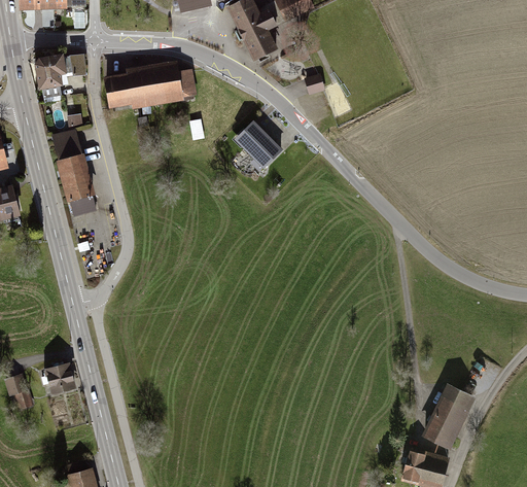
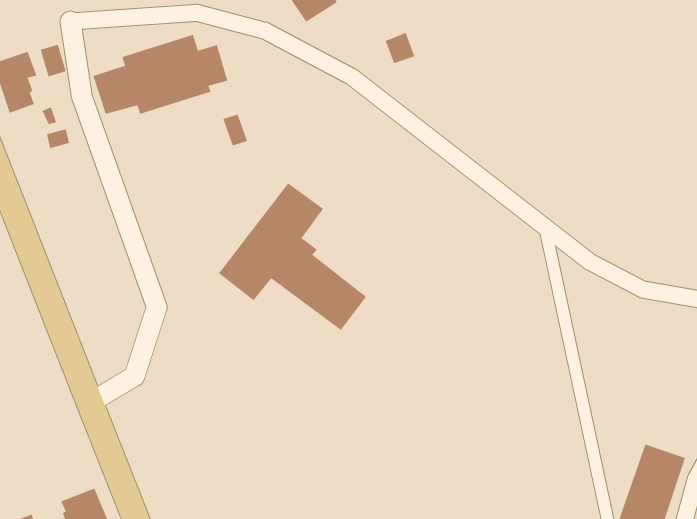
building: [233,120,282,170] -> none
building: [51,130,95,214] -> none
building: none -> [218,183,367,331]

